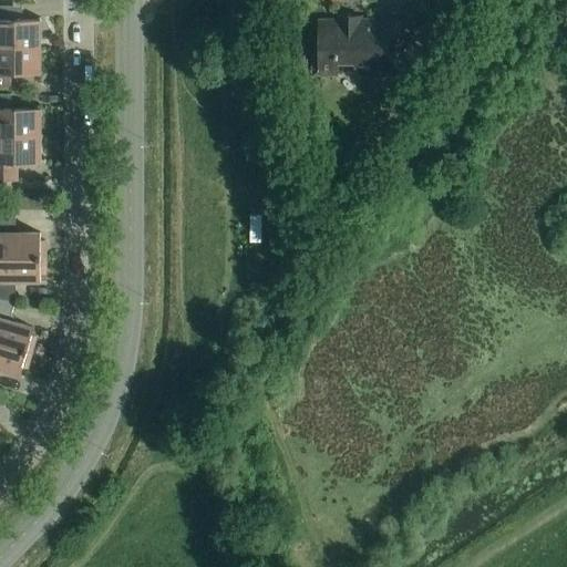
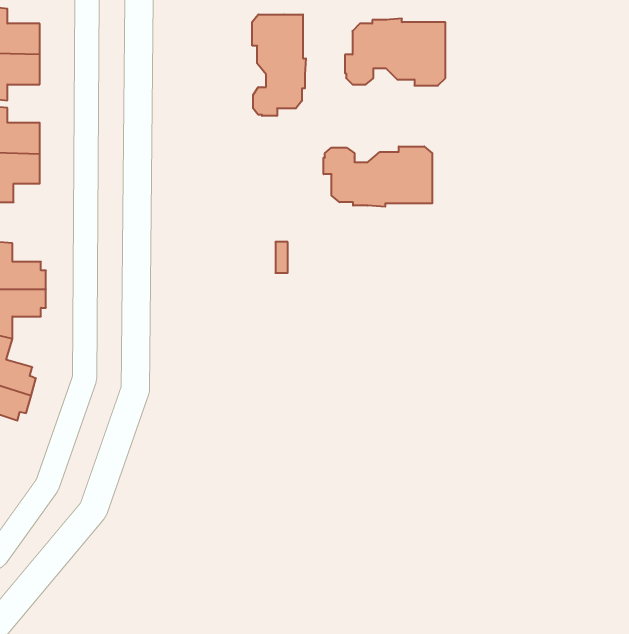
building: none -> [252,14,306,116]
building: none -> [324,146,432,207]

